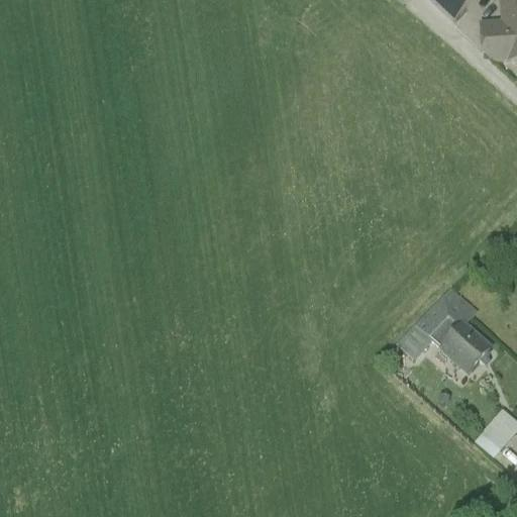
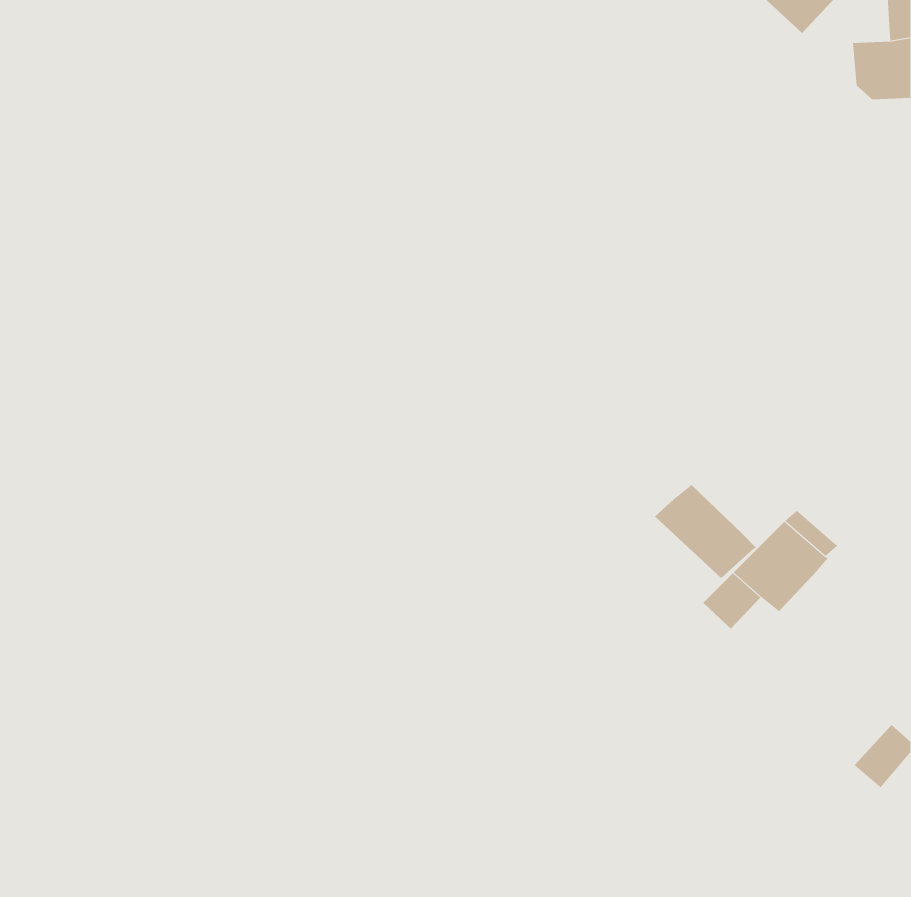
building: none -> [654,484,757,579]
building: [441,323,491,372] -> none

